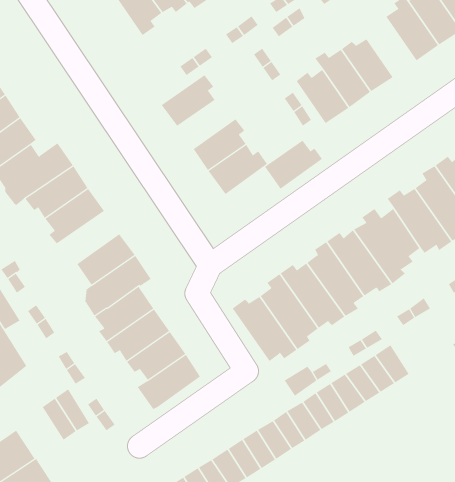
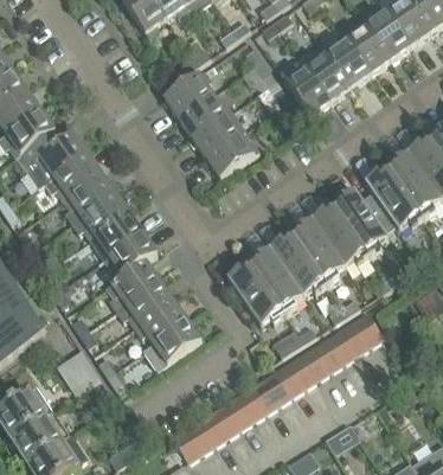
building: none -> [346,19,390,72]
building: [264,140,323,189] -> [178,92,230,136]
building: none -> [71,191,127,238]

